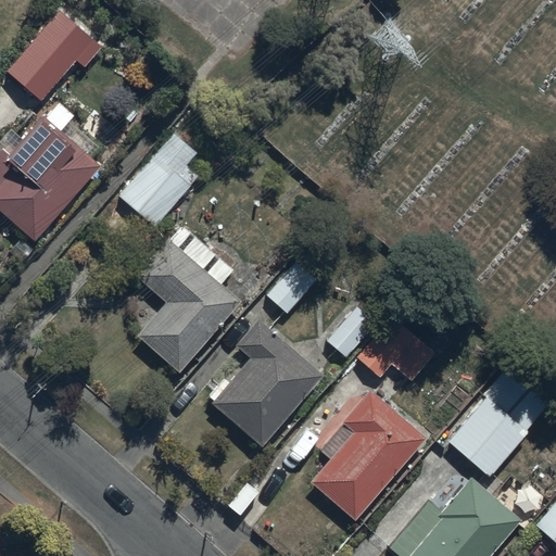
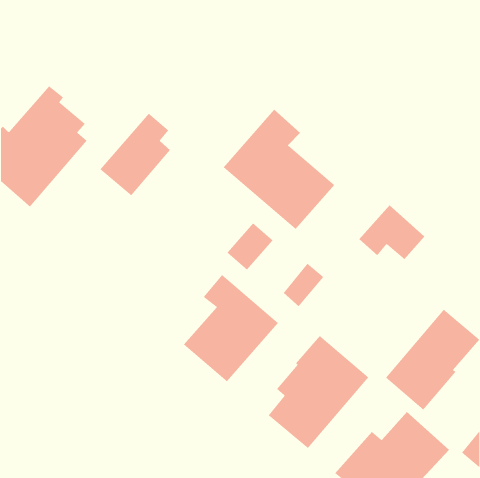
building: [5,18,85,101] -> none
building: none -> [223,109,335,230]
building: [136,226,241,374] -> none
building: [357,317,434,381] -> [359,204,425,260]

